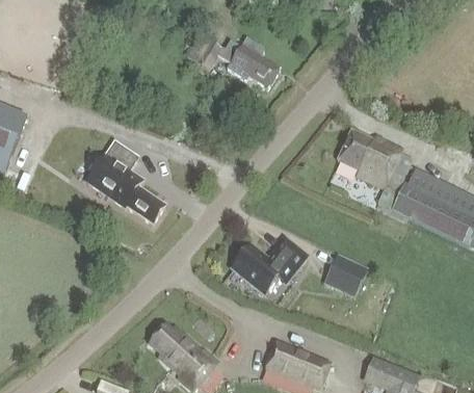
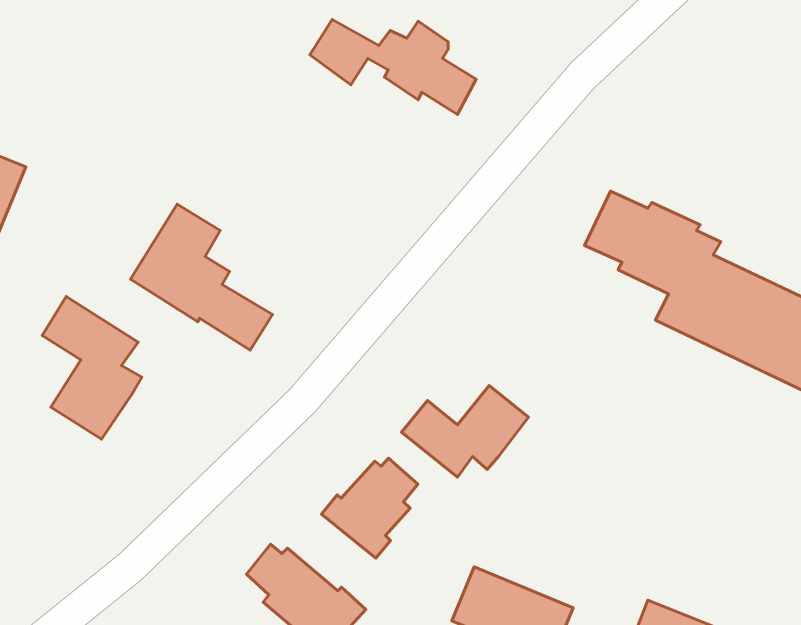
building: none -> [42,296,142,439]
building: [323,254,369,297] -> none
building: none -> [321,458,418,558]

